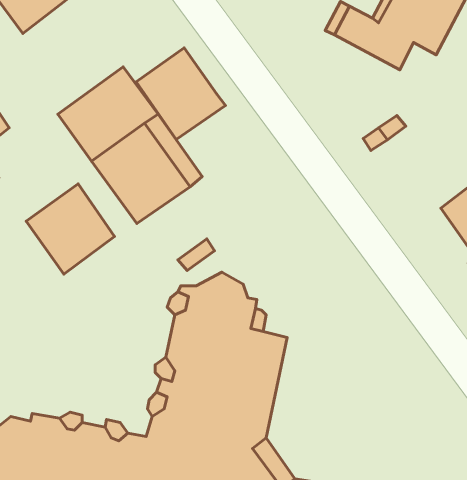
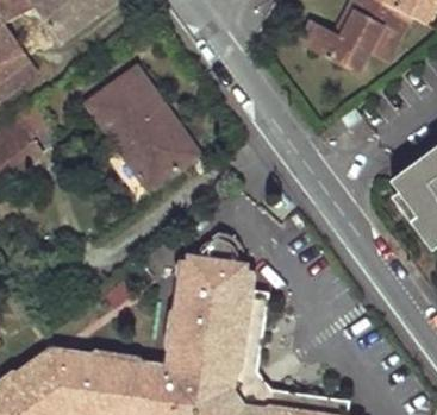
building: [136,48,226,139] -> none
building: [26,184,115,274] -> none

